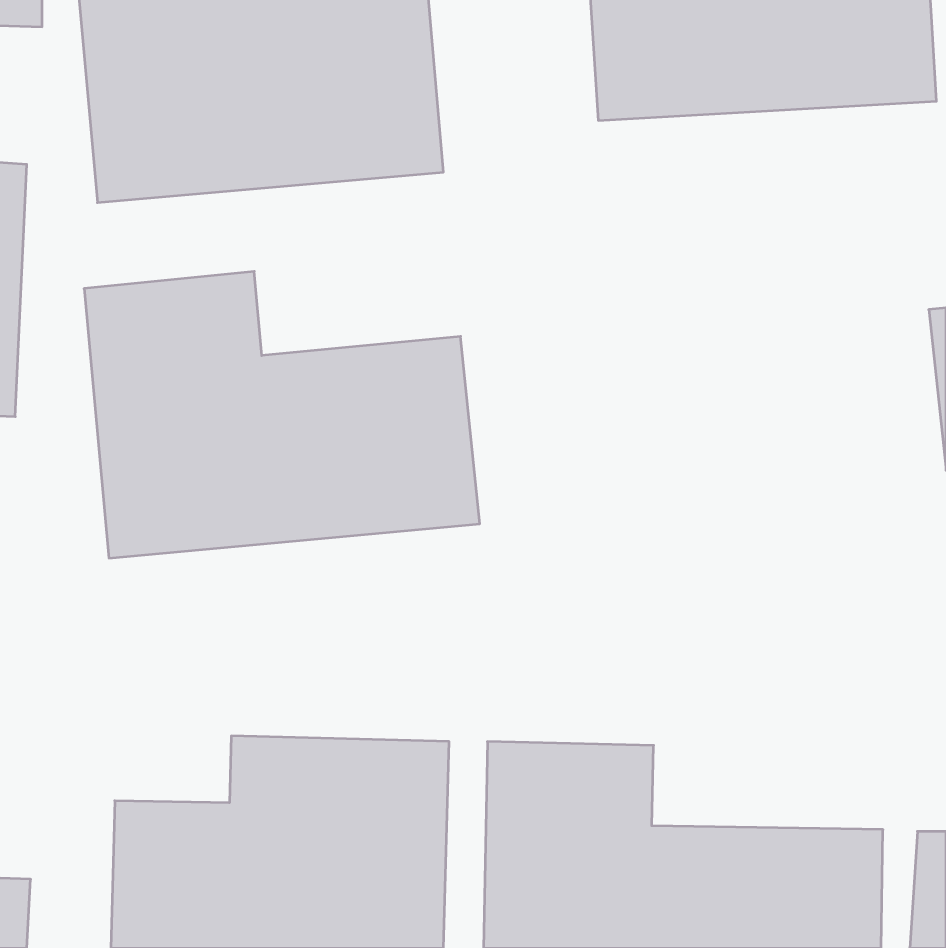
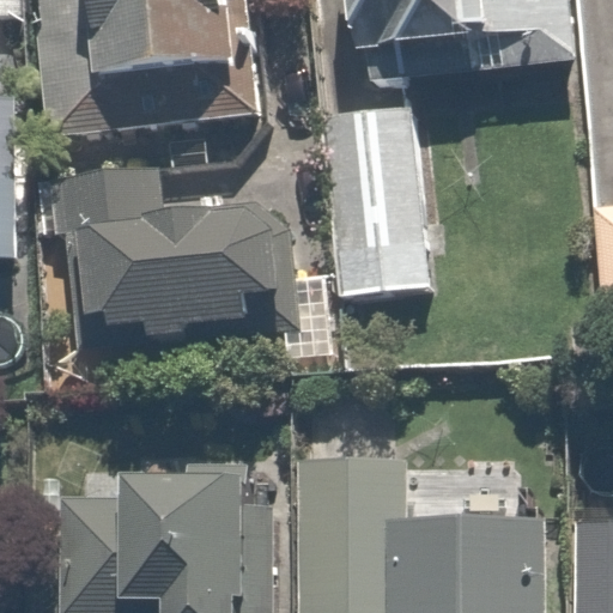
building: none -> [315,97,430,297]

